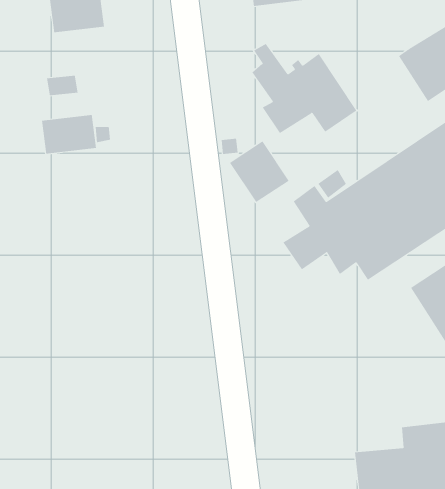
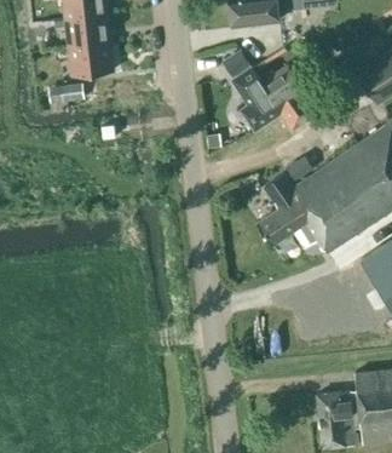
building: [41,115,97,154] -> [68,44,114,76]
building: [229,141,290,203] -> none

